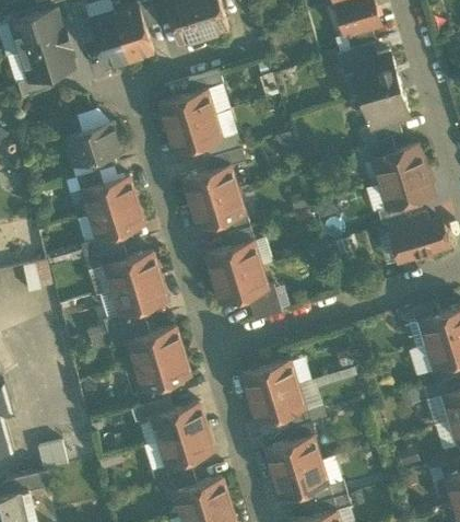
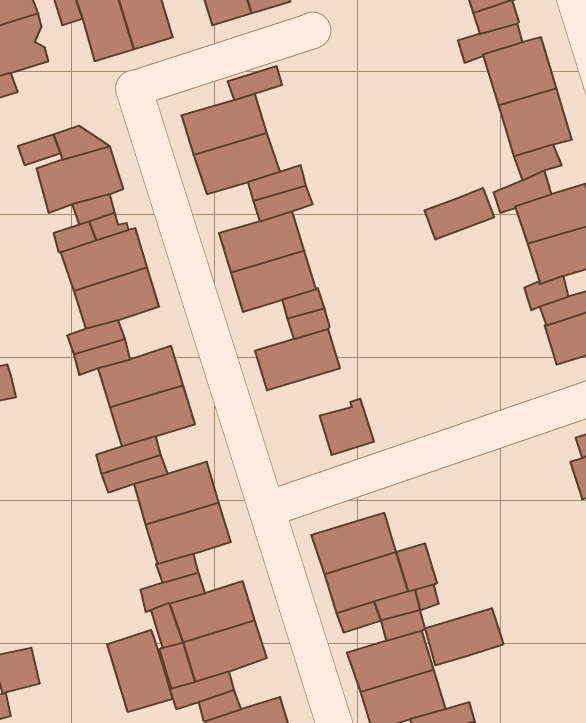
building: none -> [424,188,494,240]
building: [213,266,268,305] -> none
building: none -> [425,608,503,665]
building: none -> [107,630,173,712]

